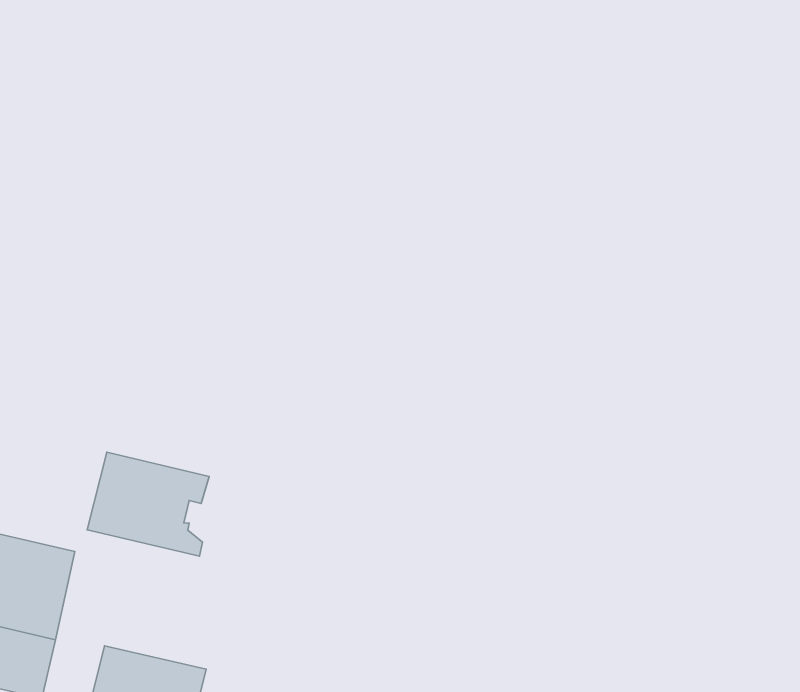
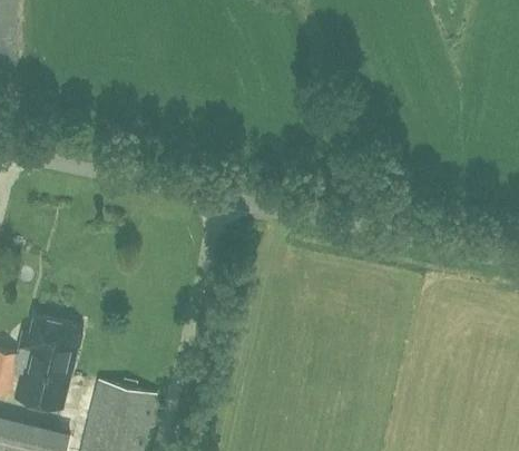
building: [87,452,209,556] -> none

